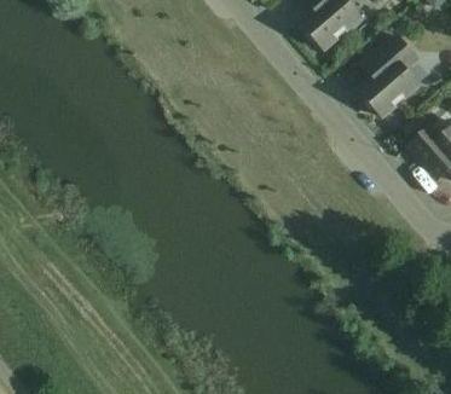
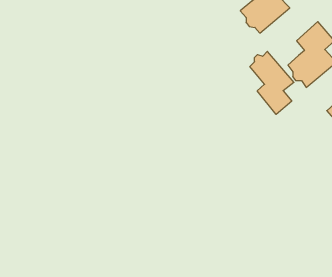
building: none -> [250,51,294,114]

